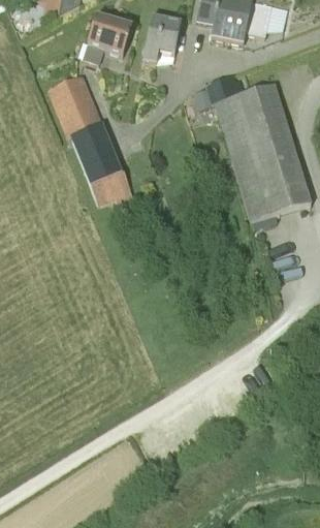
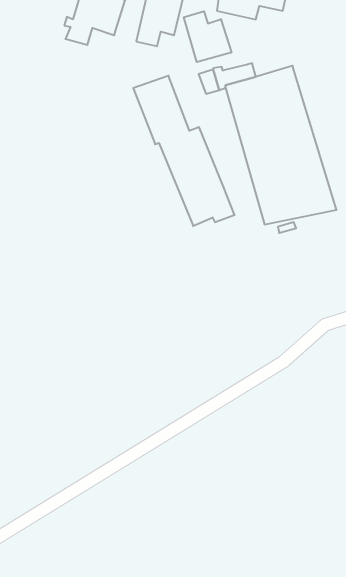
building: none -> [184,11,231,62]
building: [47,77,133,205] -> [133,76,235,226]

